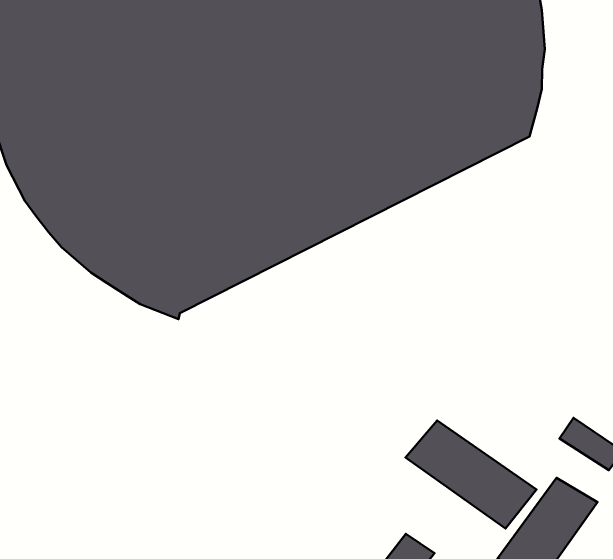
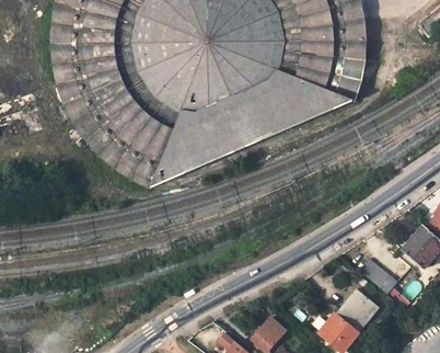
building: [405,421,536,528] -> none

